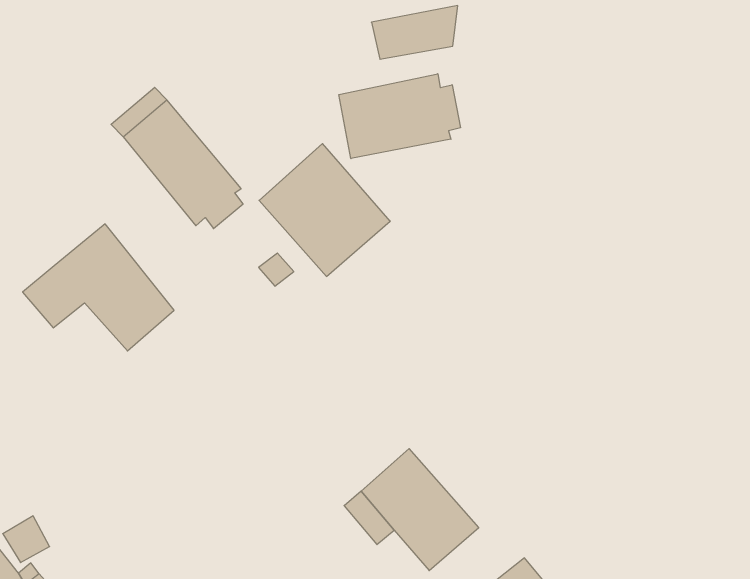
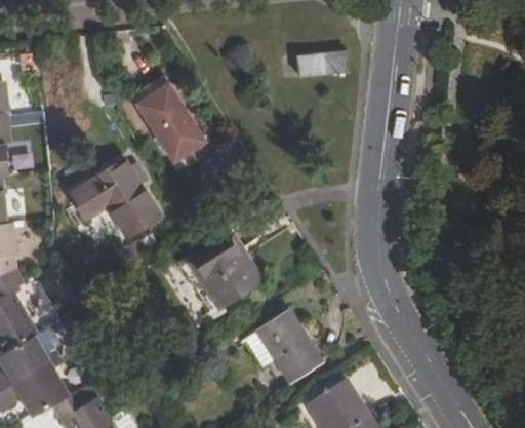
building: [339,74,460,159] -> none
building: [259,144,390,276] -> [191,228,267,307]

